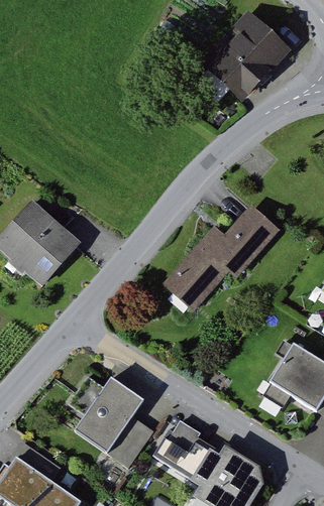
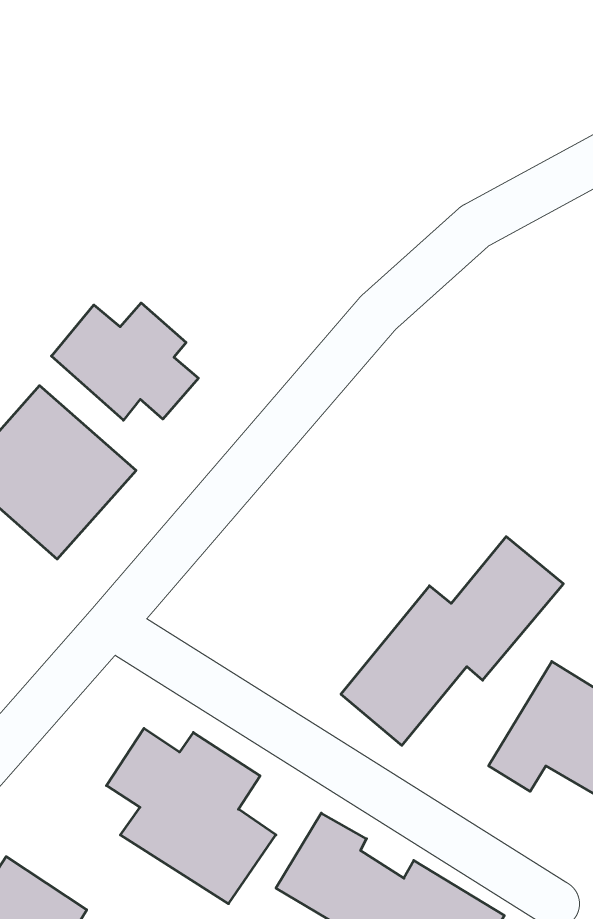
building: [202,12,288,99] -> none
building: none -> [51,303,198,420]
building: [166,204,280,310] -> [341,537,563,745]

